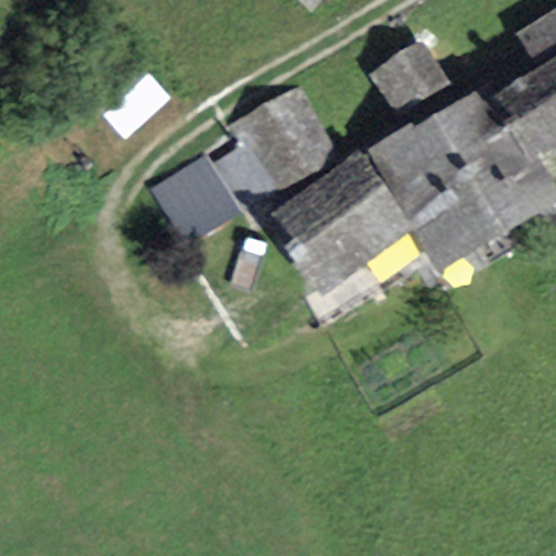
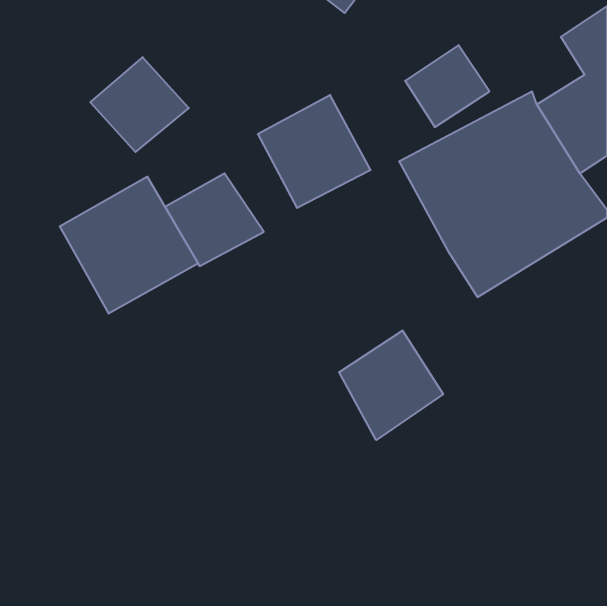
building: [263,148,409,296] -> none
building: none -> [60,177,198,314]
building: none -> [339,330,443,440]

